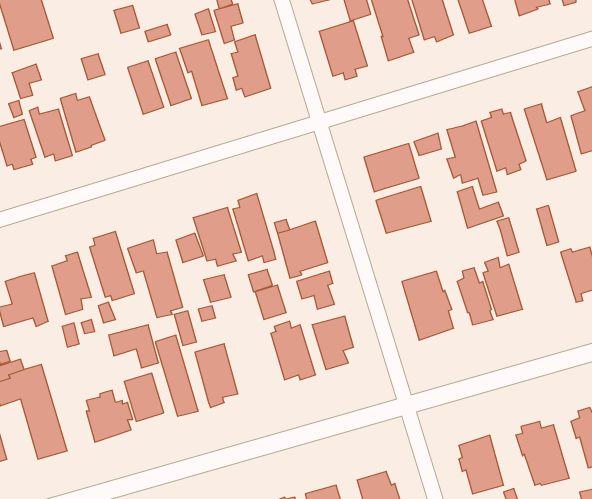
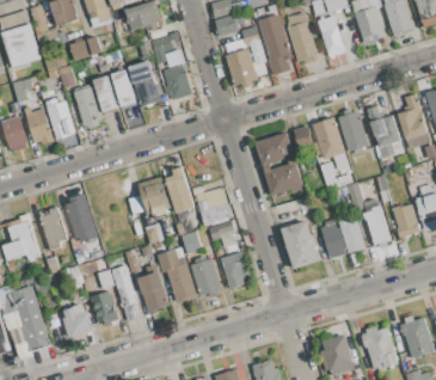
building: none -> [74,86,103,128]
building: [128,240,183,318] -> [156,249,195,302]
building: none -> [362,206,391,245]

